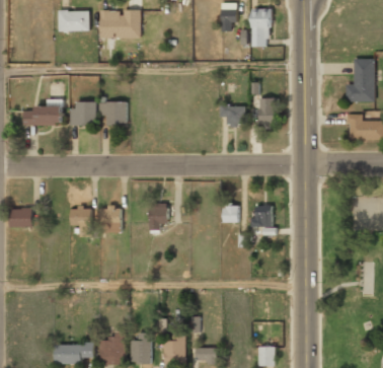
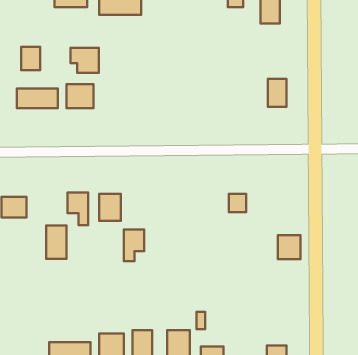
building: none -> [21,47,40,70]
building: [99,102,126,126] -> [71,48,99,73]
building: [219,105,245,127] -> none
building: [149,204,168,233] -> [124,230,144,261]
building: [251,206,273,228] -> [278,235,301,259]
building: none -> [46,226,67,259]

